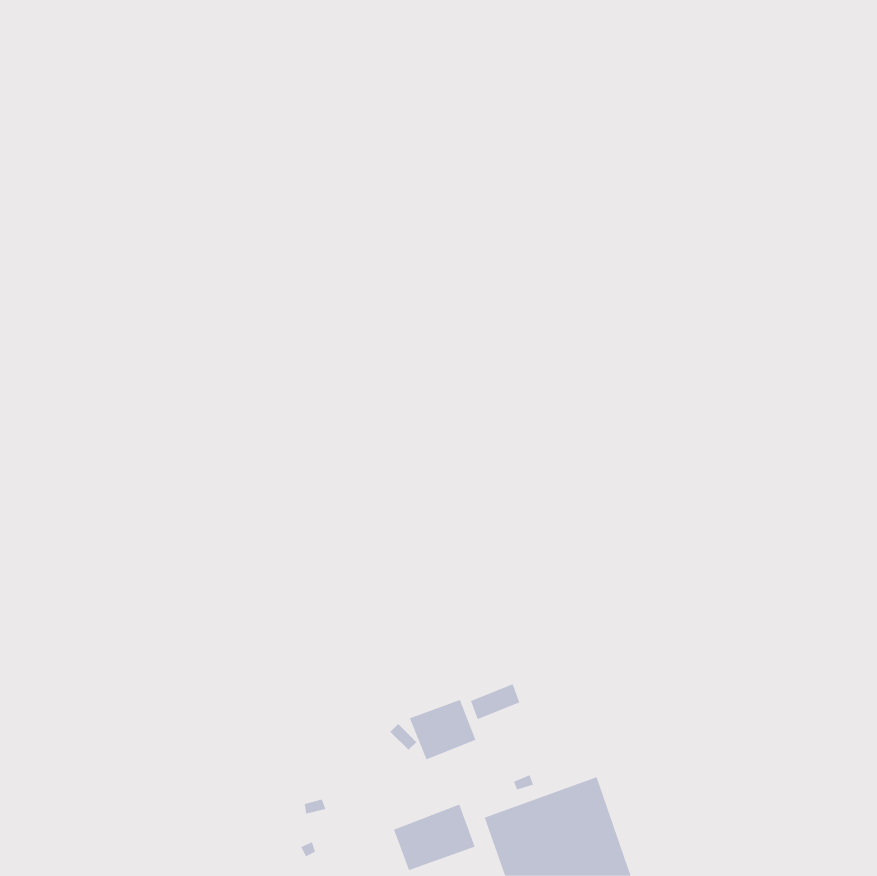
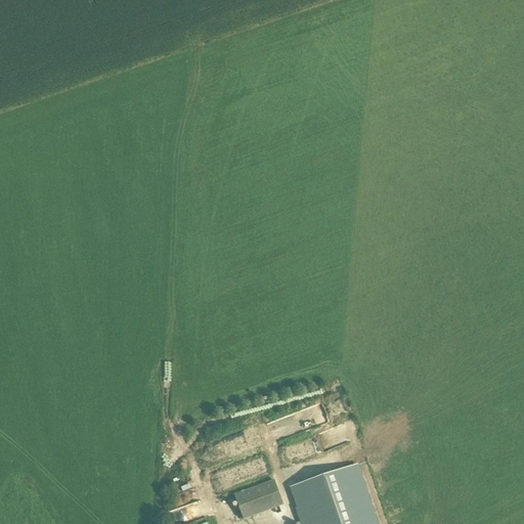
building: [409,699,476,760] -> none

